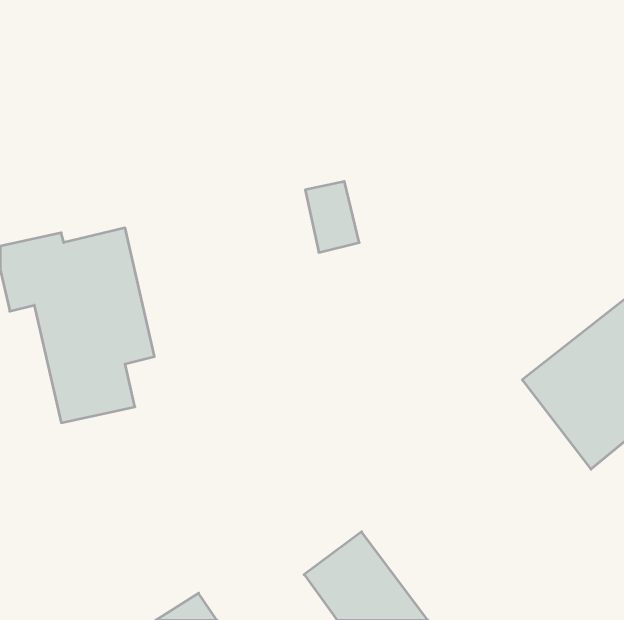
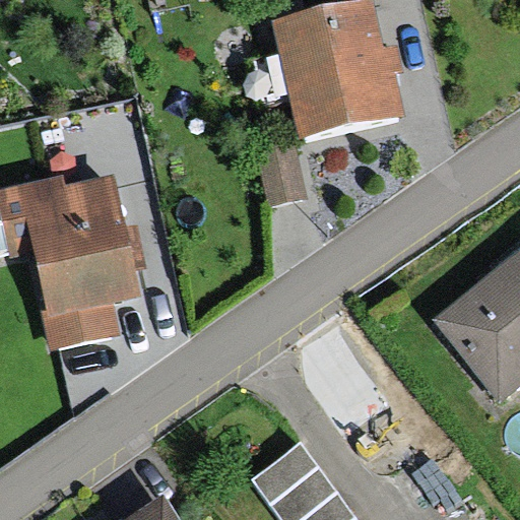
building: none -> [278,12,389,143]

